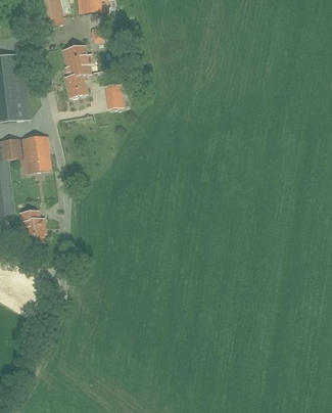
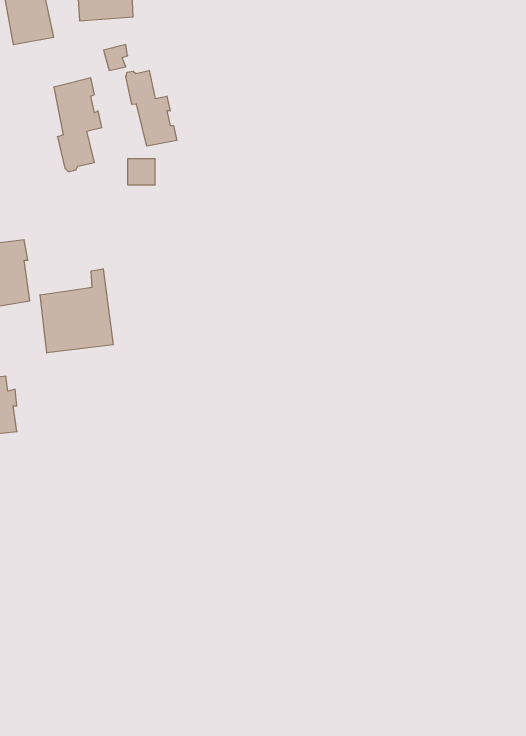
building: none -> [126,70,177,146]
building: none -> [40,269,113,353]

